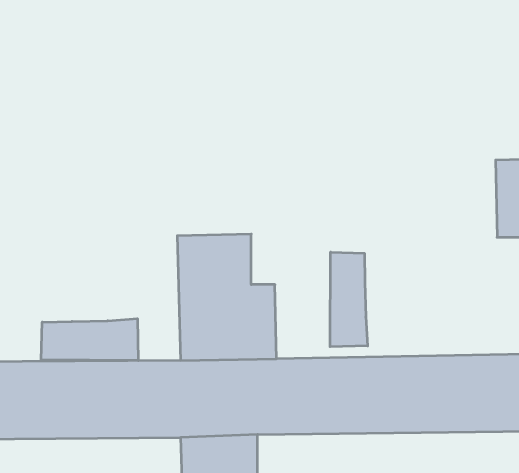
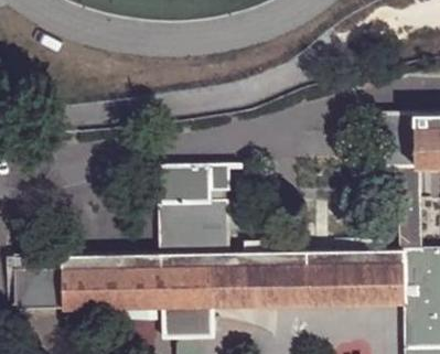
building: [330,252,368,347] -> none
building: [41,319,138,361] -> none

